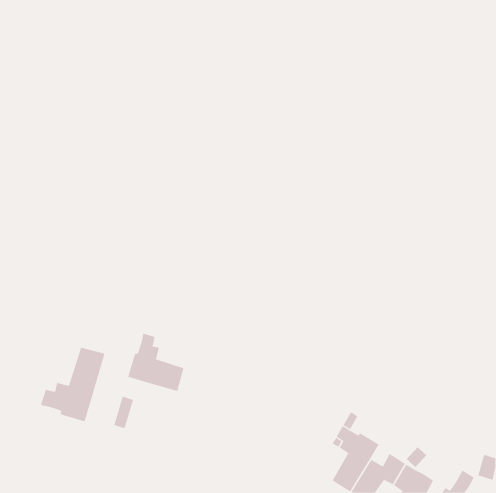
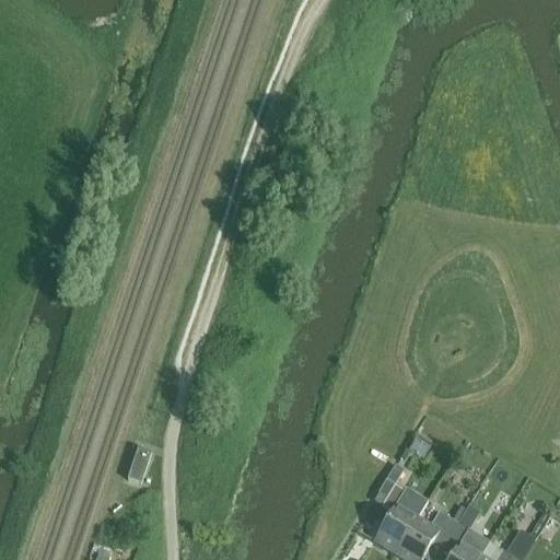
building: [127,333,184,392] -> none
building: [40,347,105,422] -> none

